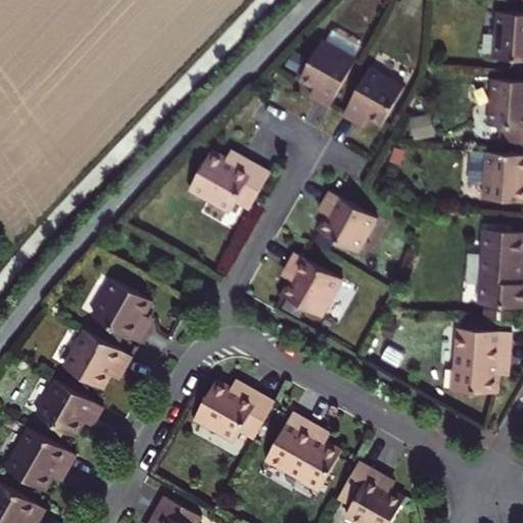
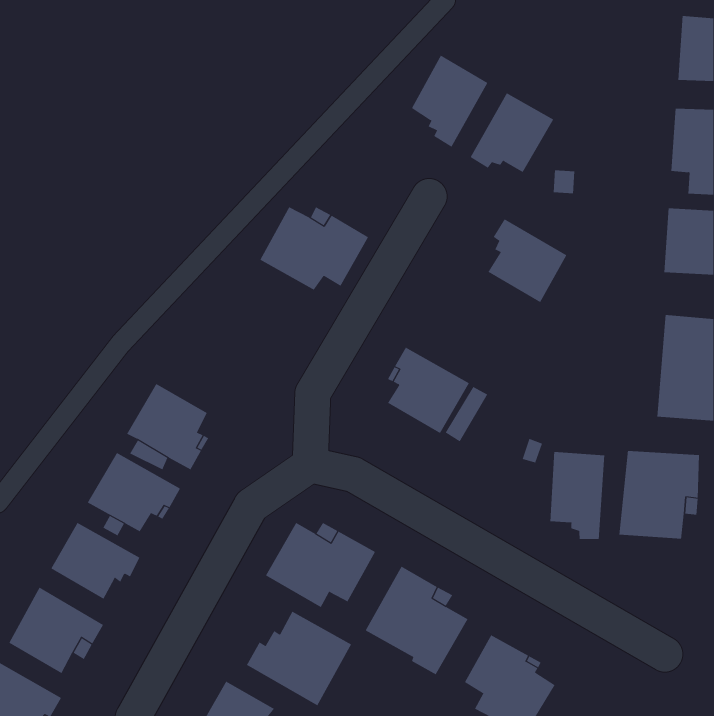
building: [318,192,376,253] -> [487,219,567,303]
building: none -> [550,451,605,540]
building: none -> [246,611,352,706]

